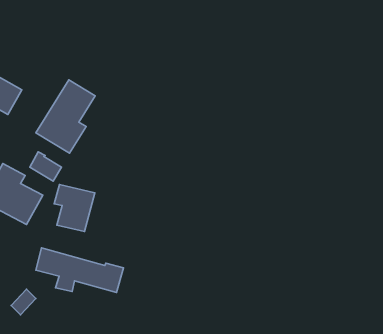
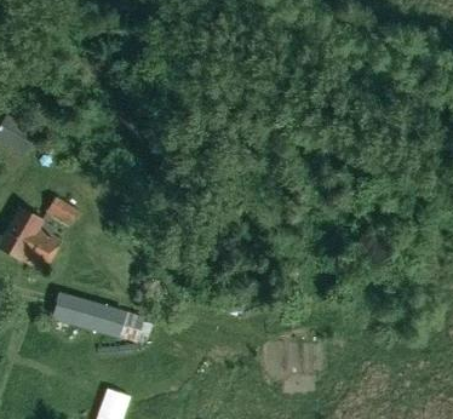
building: [36,80,95,153] -> none
building: [54,184,95,232] -> none

